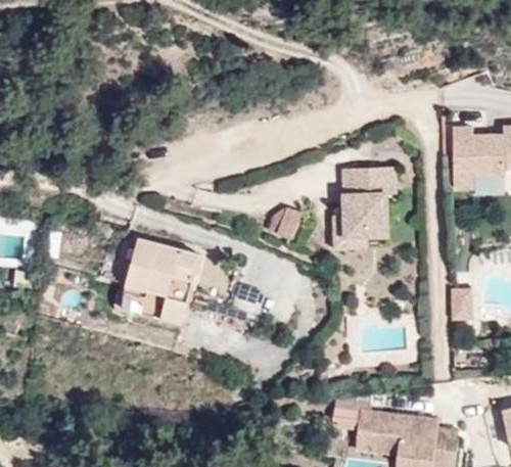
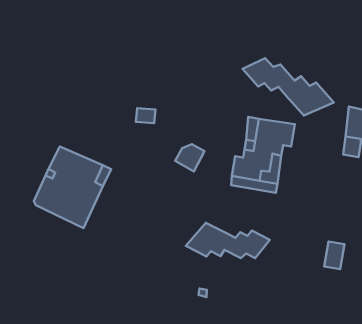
building: none -> [243,58,334,116]
building: none -> [186,223,270,258]

